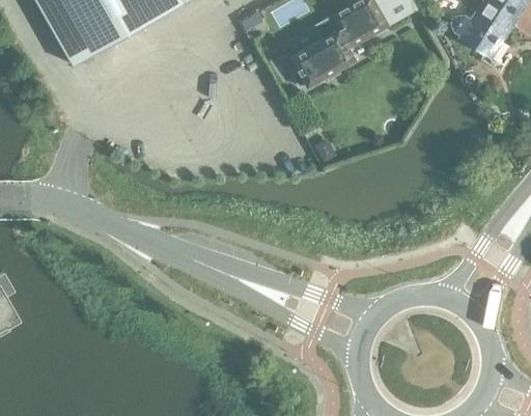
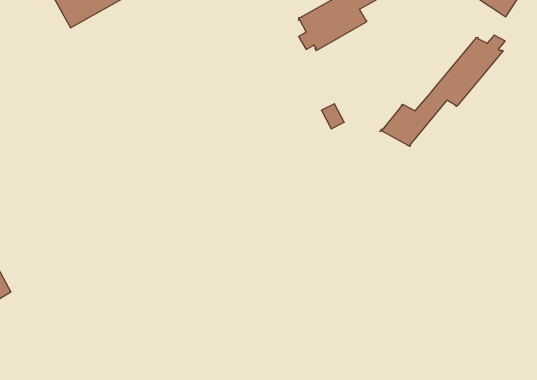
building: none -> [380,35,505,146]

